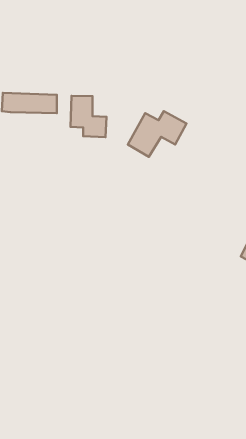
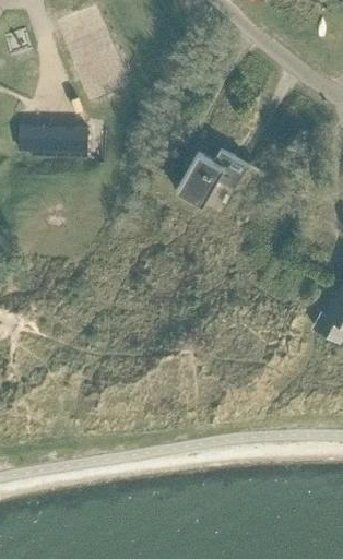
building: [70,96,106,137] -> none

